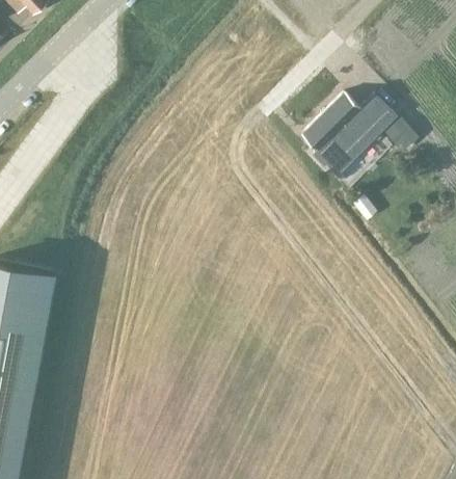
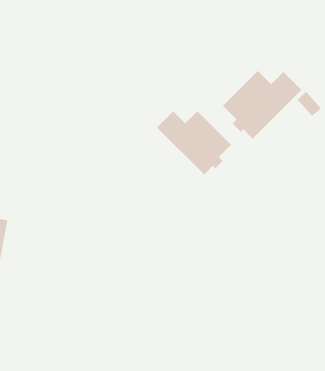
building: none -> [156,110,232,176]

